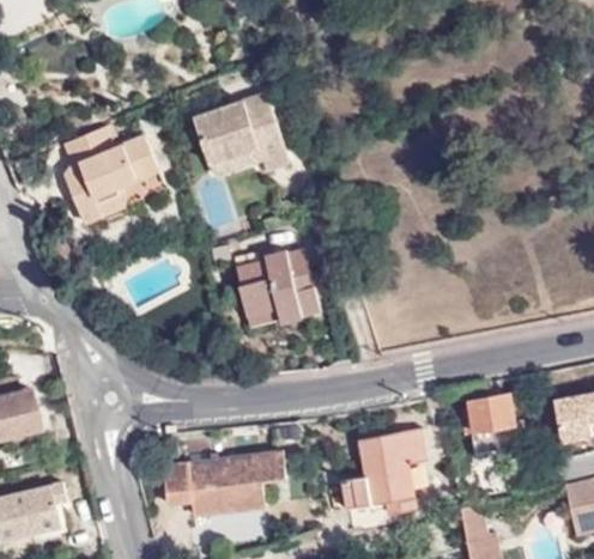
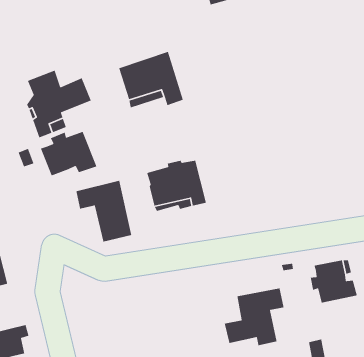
building: none -> [40,131,97,177]
building: none -> [75,180,132,242]
building: [162,450,283,516] -> none

